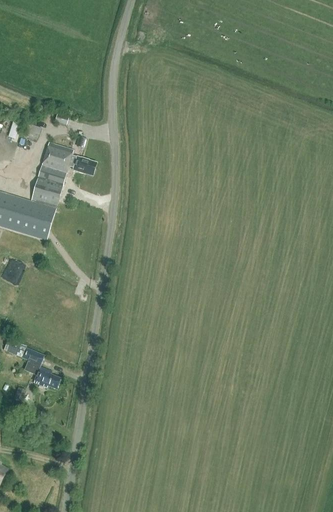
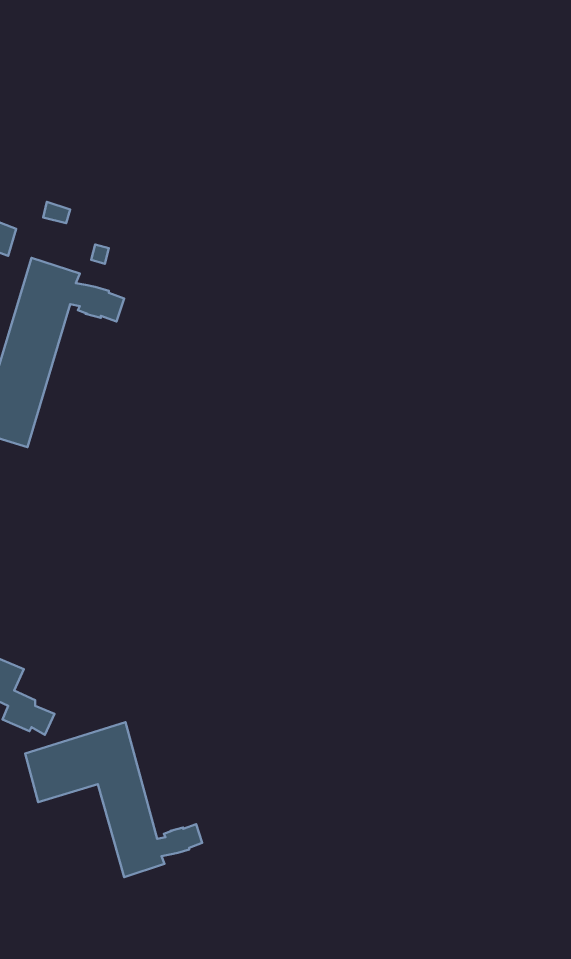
building: none -> [25,722,202,877]

